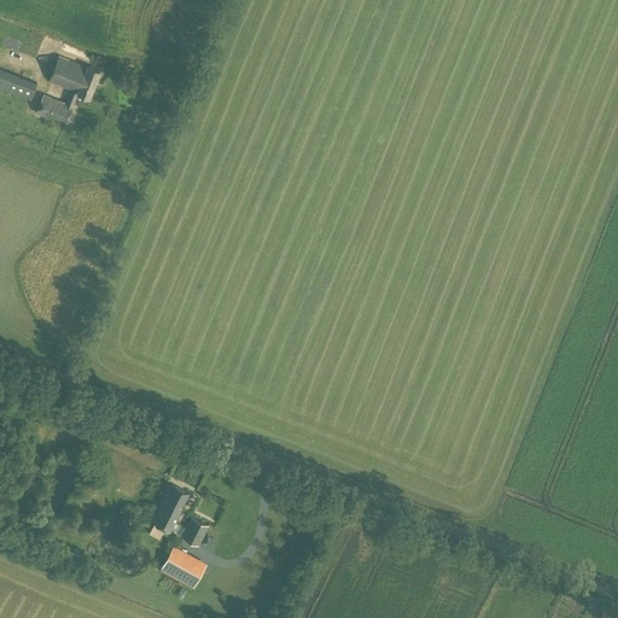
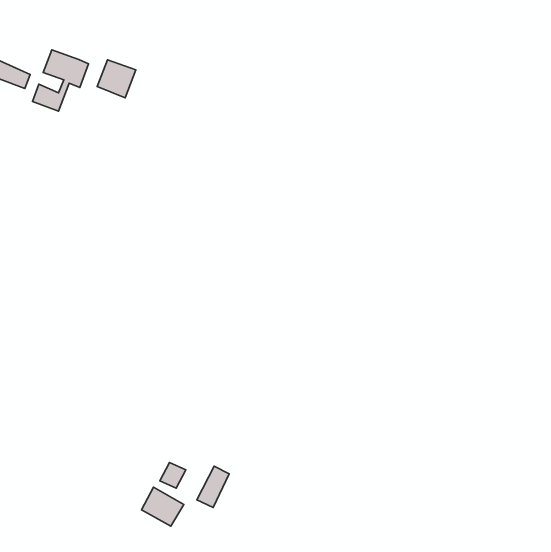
building: none -> [97,60,136,98]
building: [152,484,188,530] -> [197,466,229,507]

